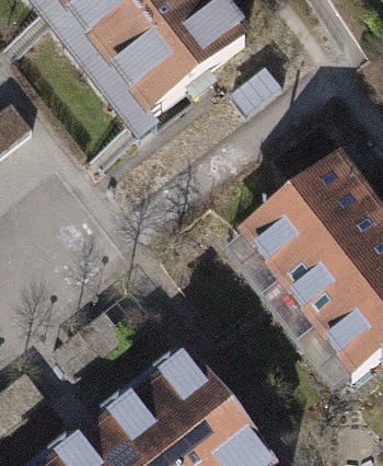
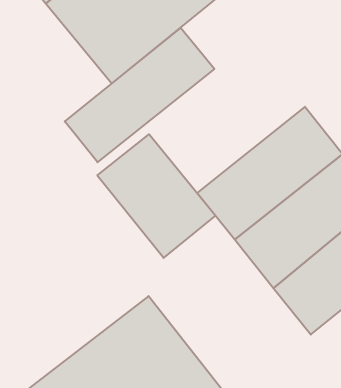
building: none -> [65,28,214,162]
building: none -> [97,134,216,258]

